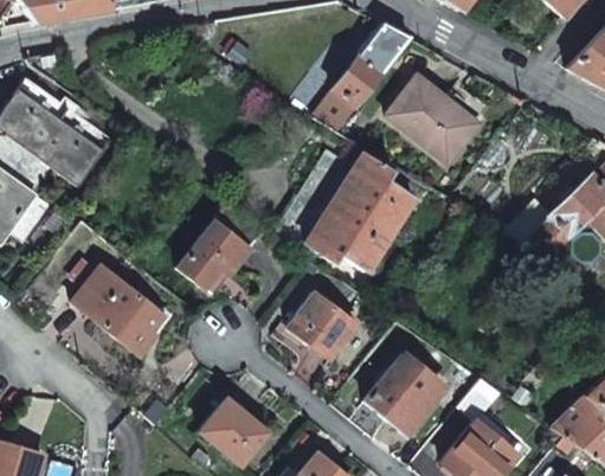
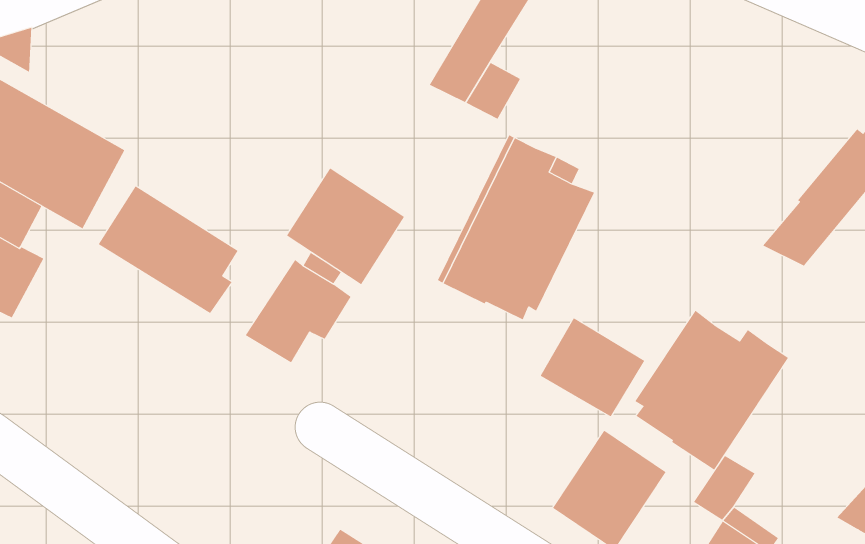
building: [386,76,478,162] -> none
building: none -> [286,168,405,285]
building: [71,265,162,354] -> [98,186,238,314]
building: none -> [634,310,789,470]
building: [287,290,356,358] -> [540,318,645,417]

